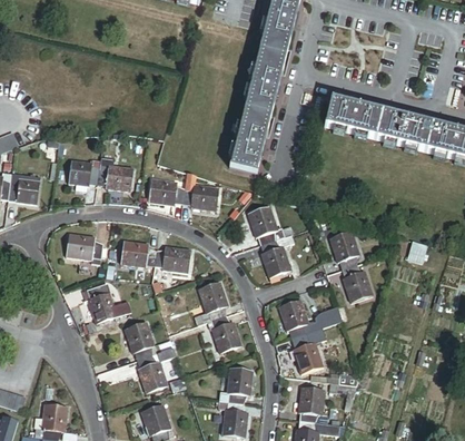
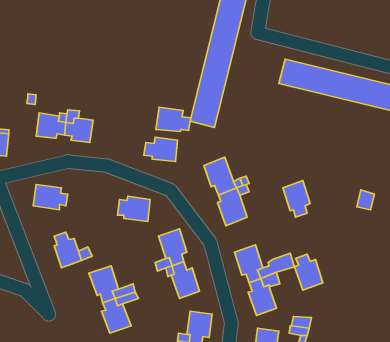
building: [147,177,184,203] -> [156,107,191,131]
building: [119,239,156,266] -> none
building: [340,263,370,301] -> [295,254,323,290]

